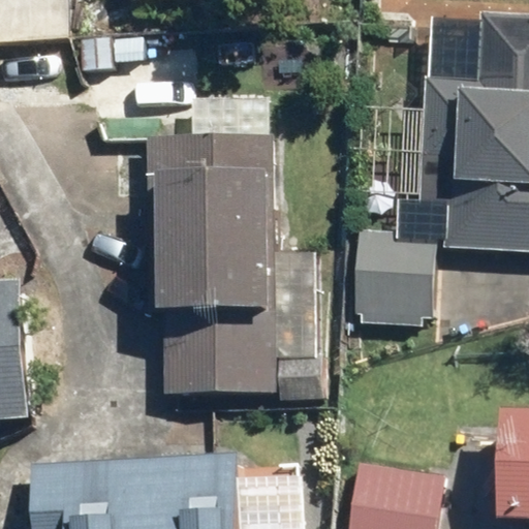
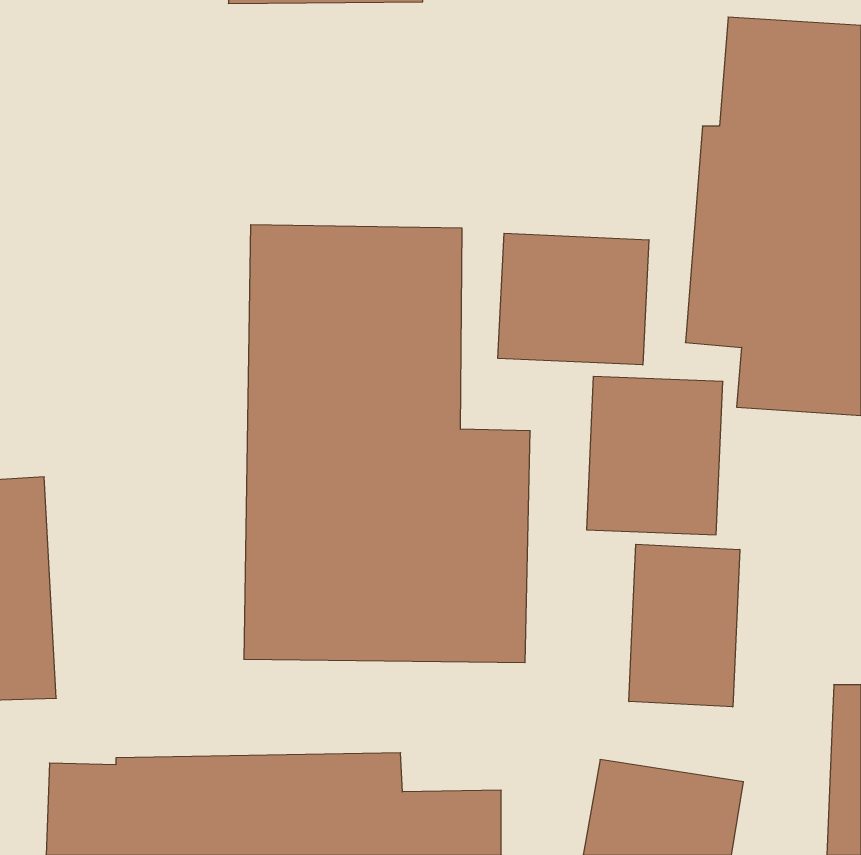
building: none -> [498,233,649,365]
building: none -> [629,544,740,707]

